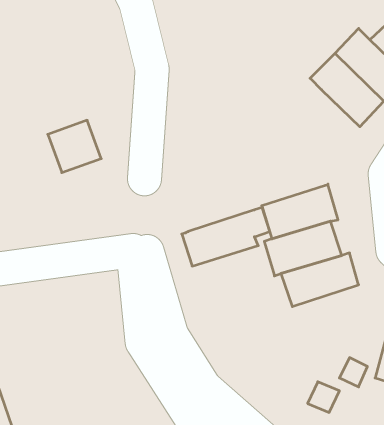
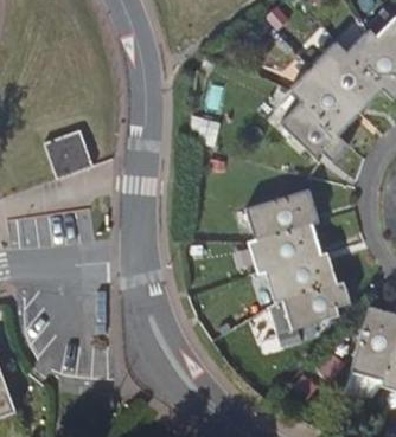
building: none -> [281,101,347,161]
building: [182,207,270,266] -> [269,279,351,334]

